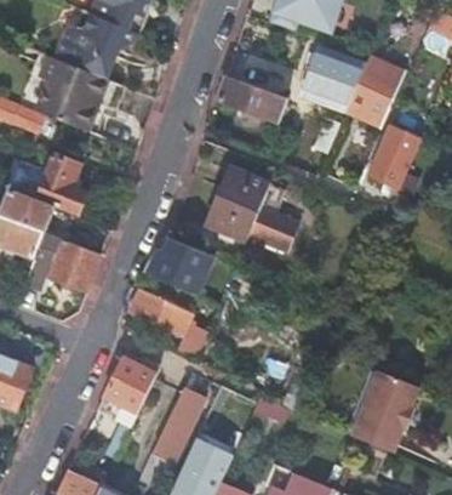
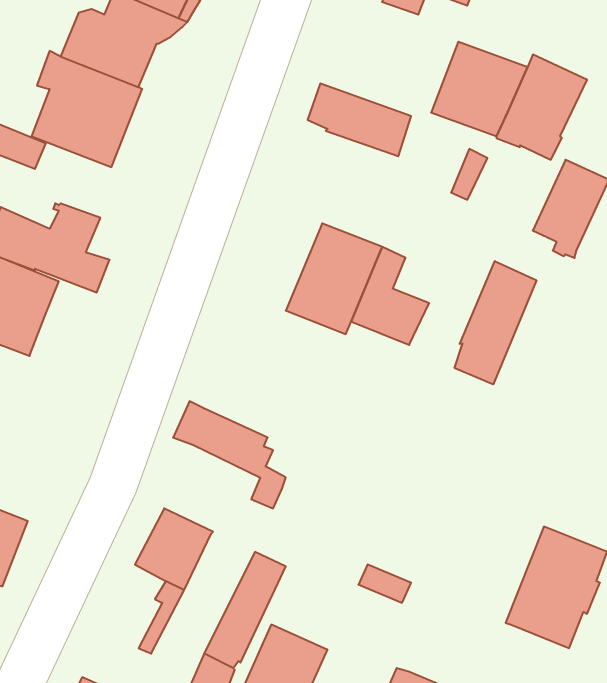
building: none -> [455,261,536,384]
building: [24,232,101,292] -> none
building: [151,240,235,297] -> none

